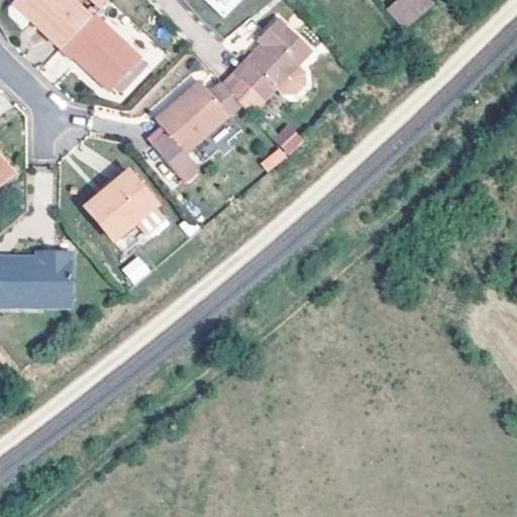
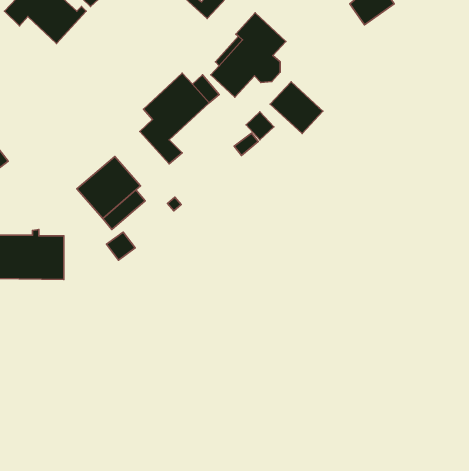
building: [62,12,148,91] -> none
building: none -> [270,82,323,133]

